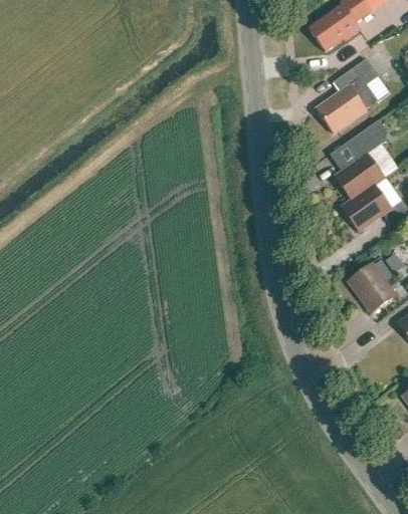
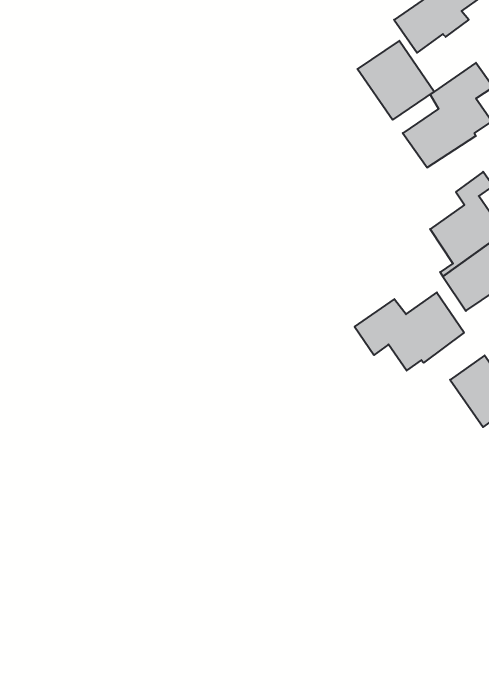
building: none -> [357,41,434,120]
building: none -> [355,292,464,371]

